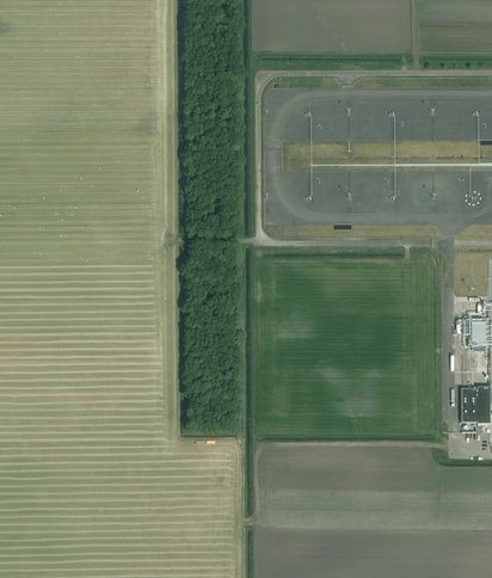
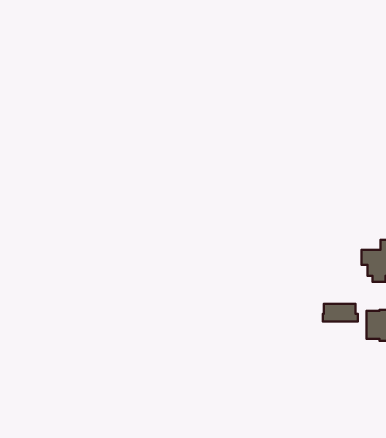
building: none -> [323,304,358,321]

